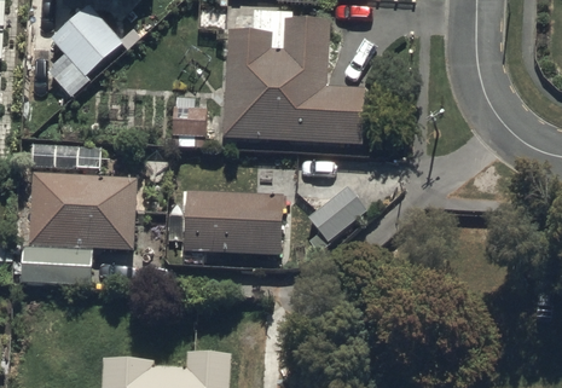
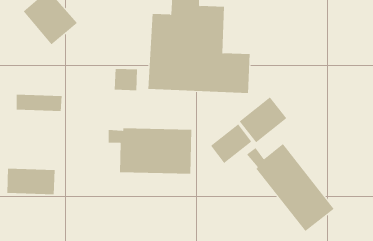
building: none -> [239,97,287,143]
building: [27,168,132,248] -> none
building: none -> [246,143,335,232]

